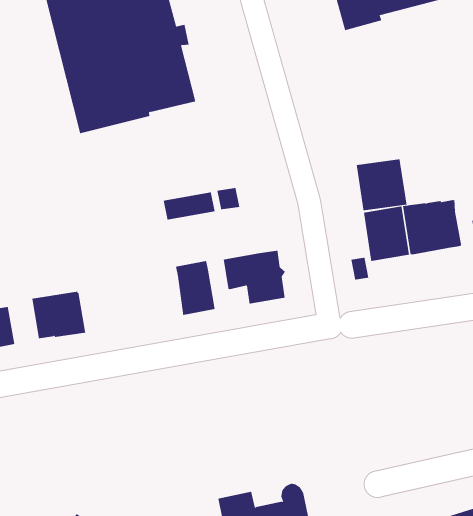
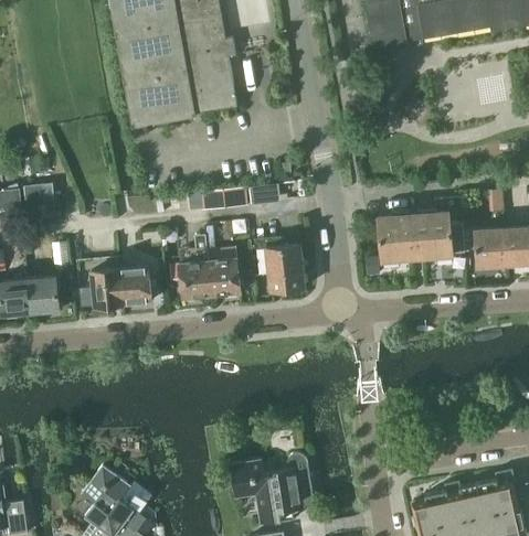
building: [356,159,407,211] -> none
building: none -> [169,260,211,298]
building: none -> [120,266,151,303]

